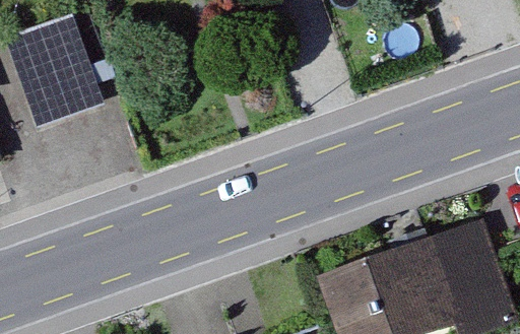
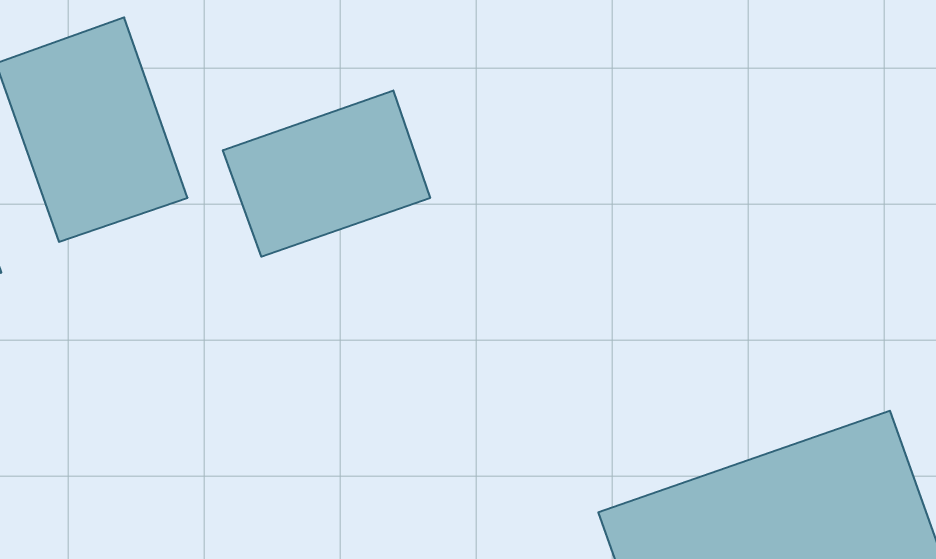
building: none -> [223,90,430,257]

